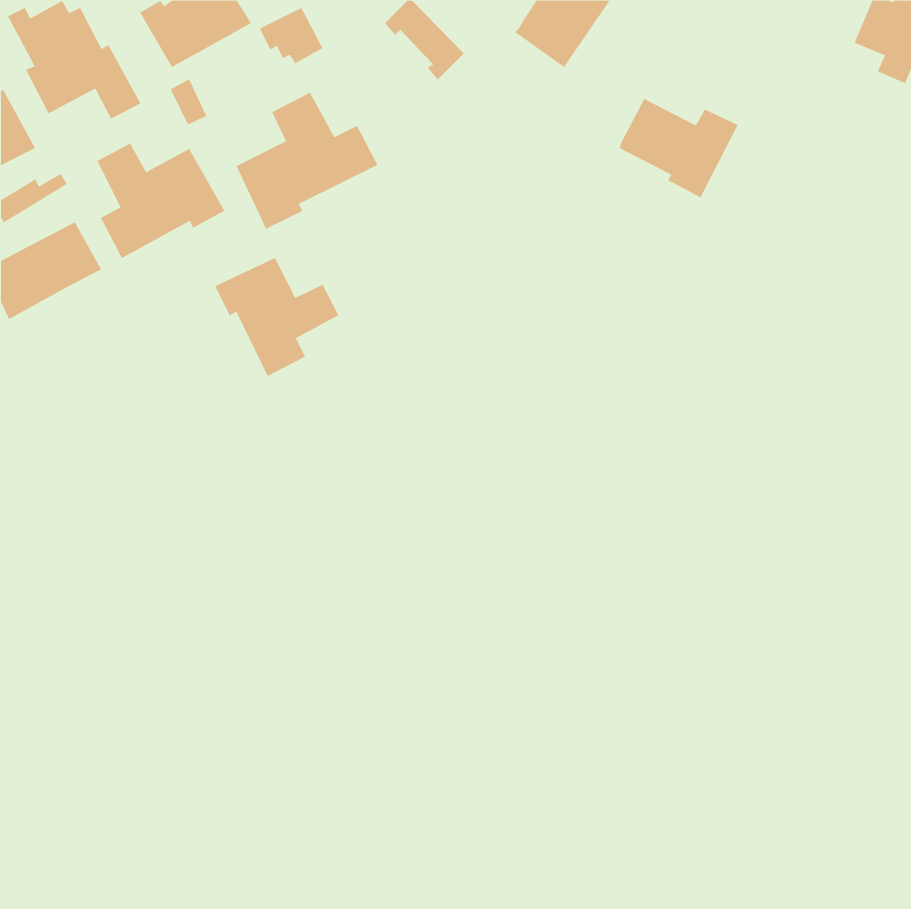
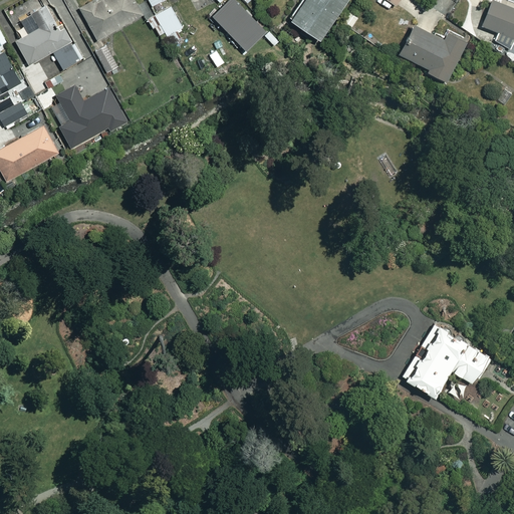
building: [236,92,378,230] -> none
building: [619,98,738,198] -> [400,26,467,82]
building: [215,257,339,377] -> none
building: none -> [401,320,492,395]

